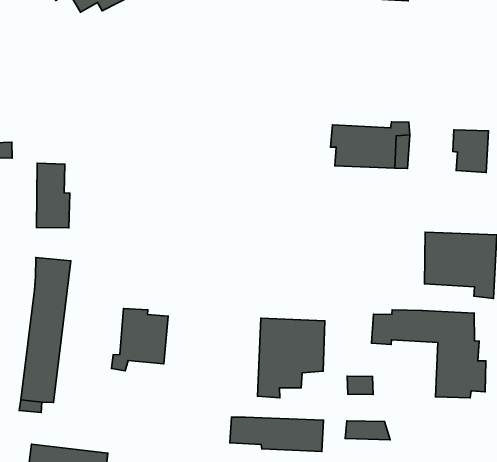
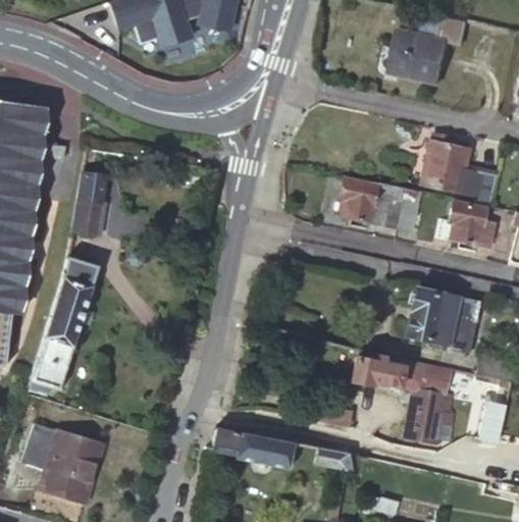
building: none -> [417,143,496,206]
building: [112,308,168,371] -> none
building: [257,318,325,398] -> none

